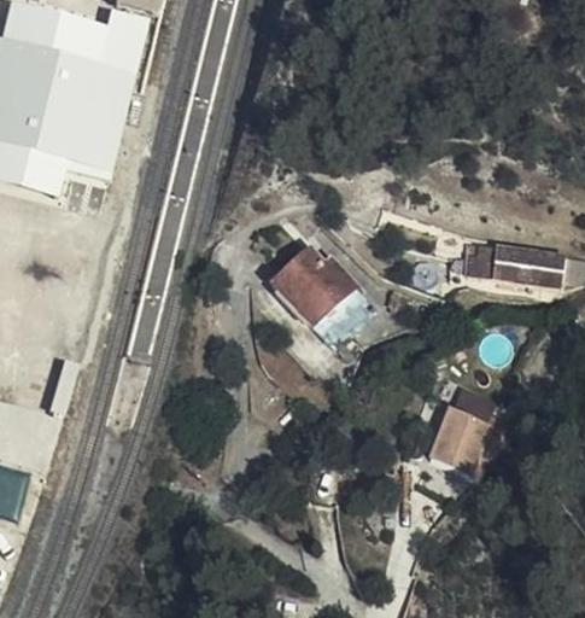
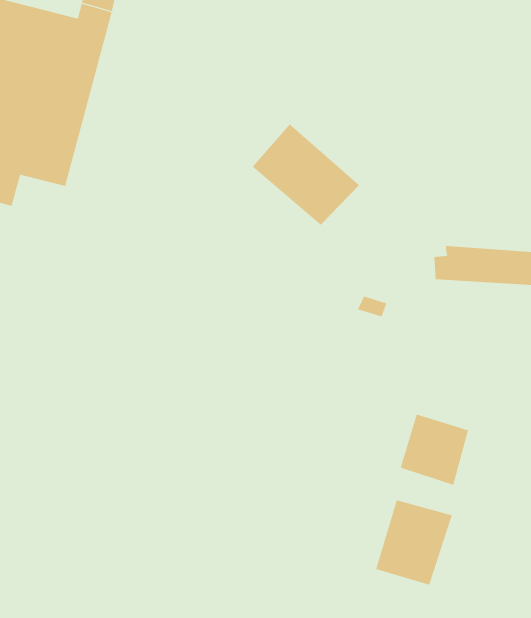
building: [265,240,369,338] -> [252,124,360,225]
building: none -> [375,500,452,586]

